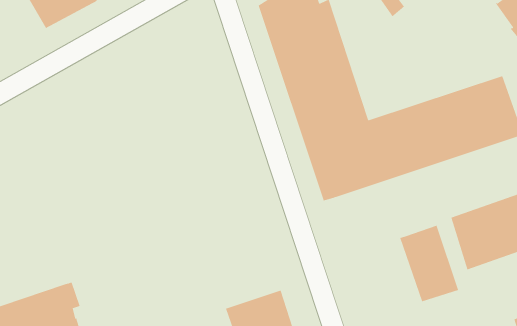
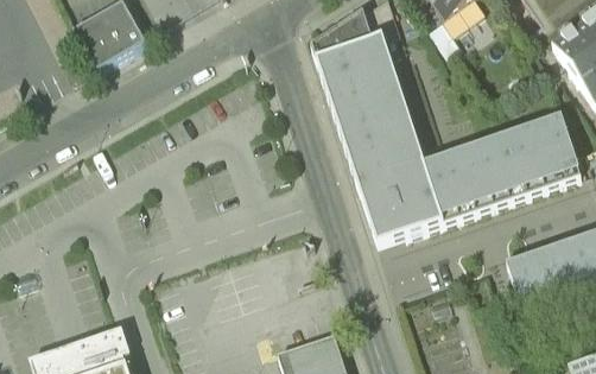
building: [399,225,459,302] -> none

